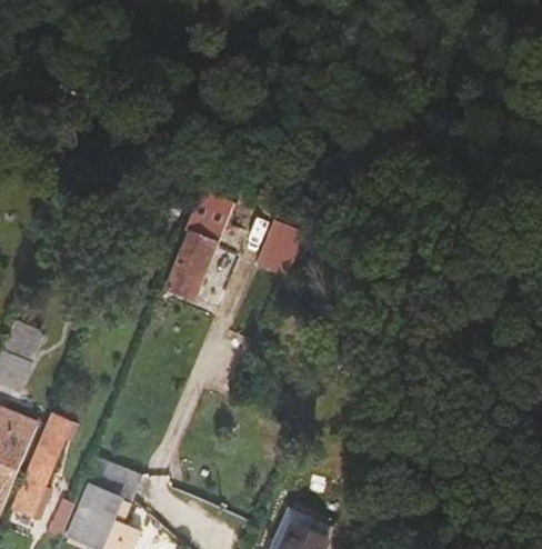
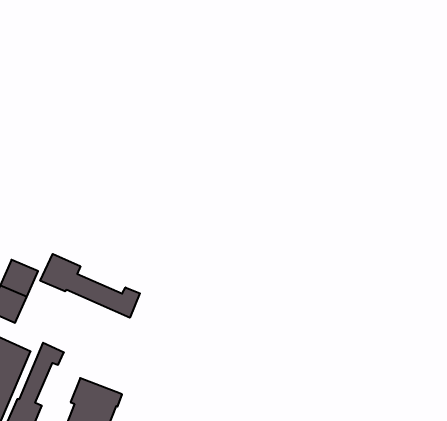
building: [164,189,234,300] -> none
building: [251,223,302,275] -> none
building: none -> [40,254,140,318]

